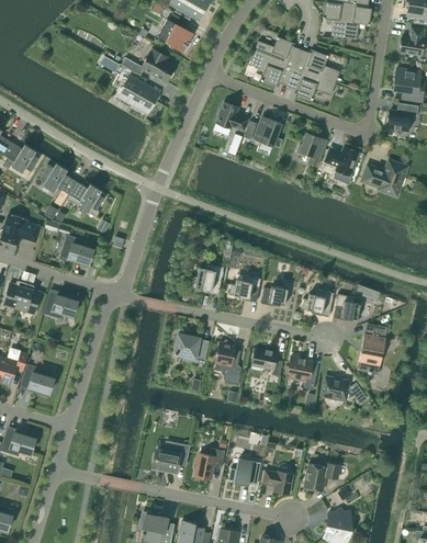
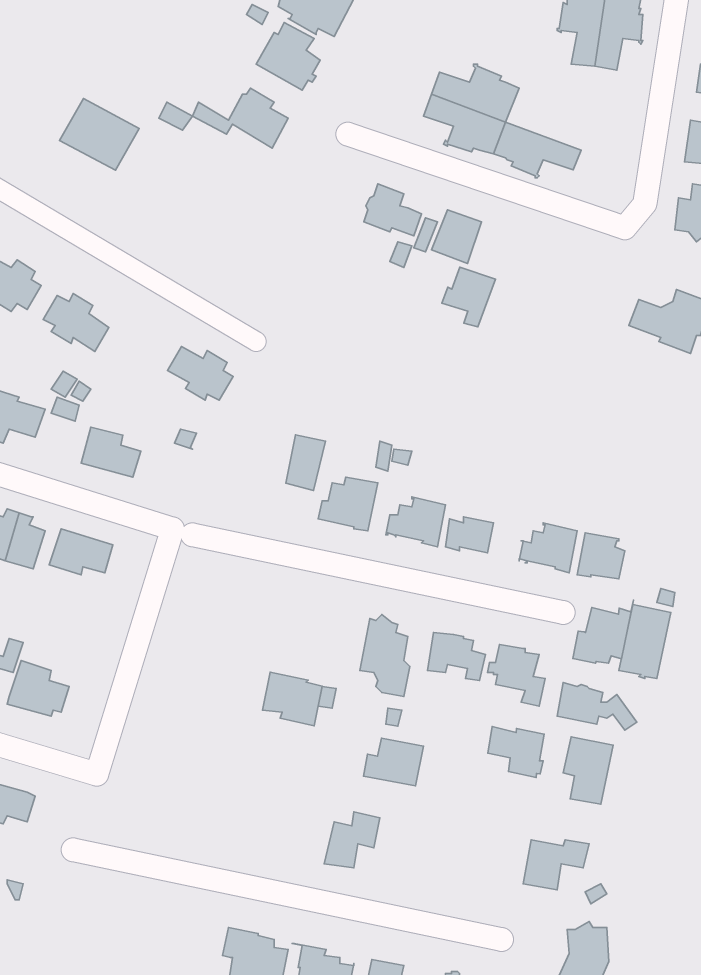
building: [294,49,340,83] -> none
building: [116,75,160,114] -> [60,99,139,170]
building: [296,133,326,166] -> [442,267,496,327]
building: [325,147,358,174] -> none
building: [68,181,104,211] -> [167,346,233,400]
building: none -> [286,435,325,490]
building: none -> [573,600,633,663]
building: [175,333,207,363] -> [262,672,322,726]
building: none -> [488,727,544,778]
building: none -> [563,737,613,804]
building: [154,441,190,472] -> none
building: [228,459,261,485] -> [364,738,423,786]
building: [262,470,293,494] -> none

